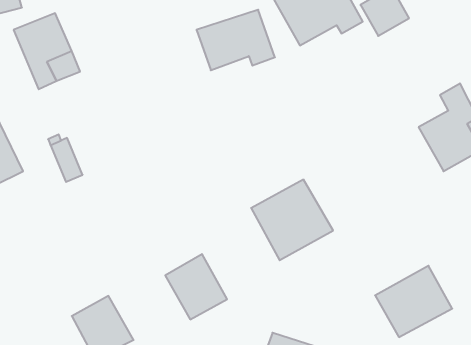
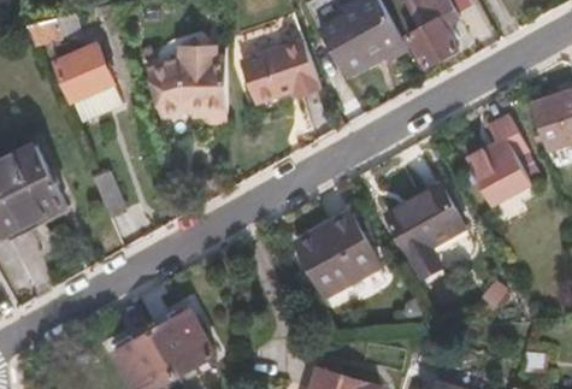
building: none -> [148,55,226,123]
building: [165,254,227,319] -> [152,310,214,376]
building: [375,266,452,337] -> [385,184,464,257]

